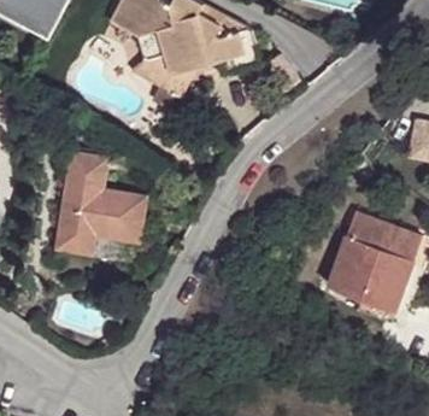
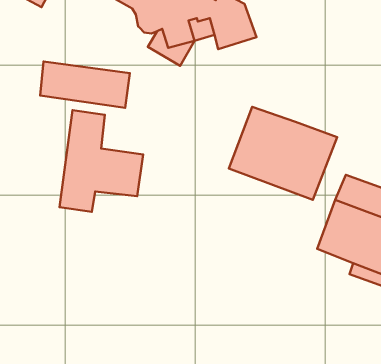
building: none -> [40,62,130,108]
building: none -> [229,107,337,200]

